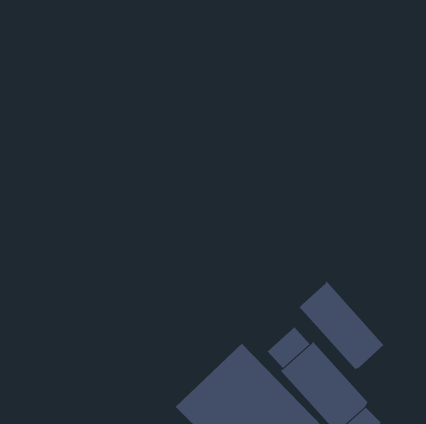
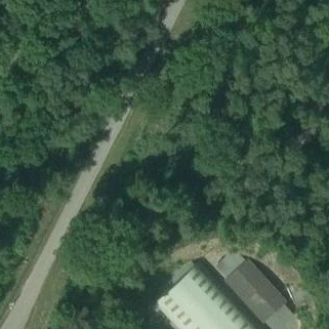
building: [299,281,384,370] -> none

